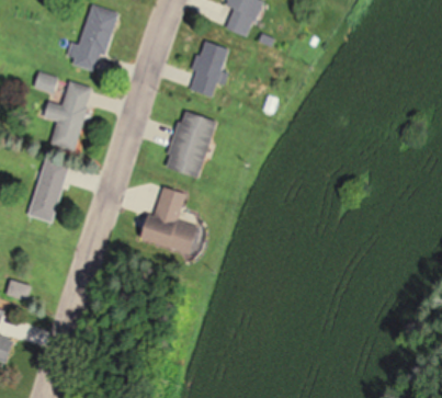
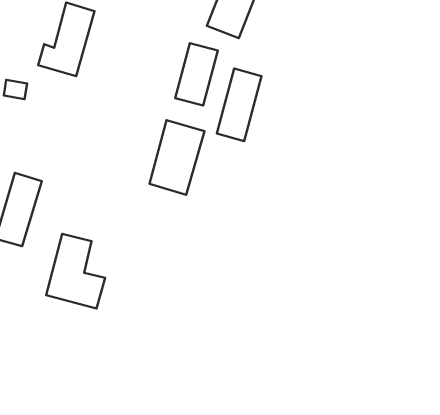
building: none -> [217,69,262,141]
building: [44,82,90,150] -> none
building: [144,185,196,252] -> [46,234,105,308]

